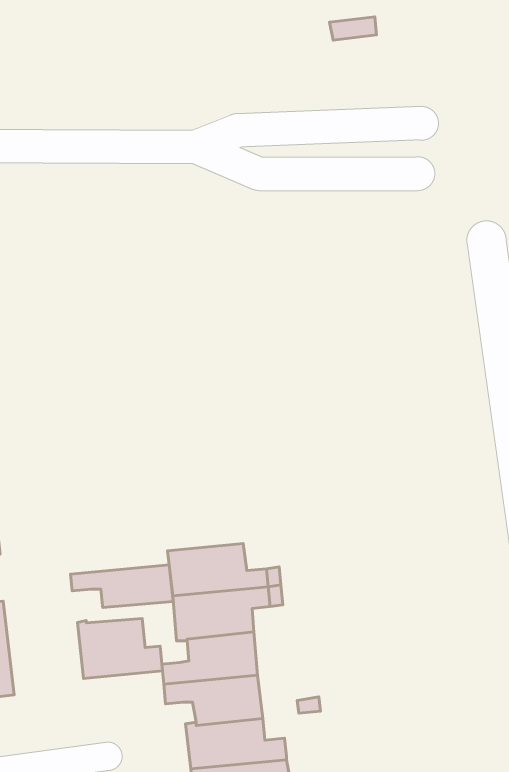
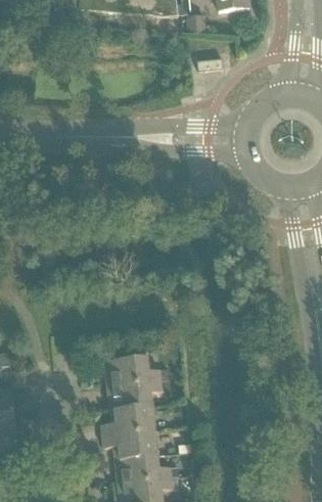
building: [70,565,173,607] -> none
building: [78,619,163,679] -> none

